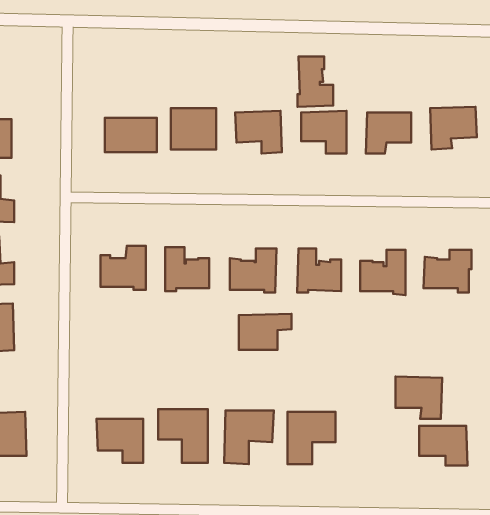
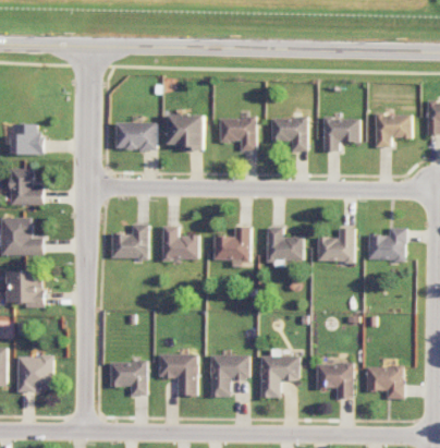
building: [298,56,333,107] -> none
building: [239,314,291,350] -> none
building: [395,376,442,419] -> [316,364,353,398]

